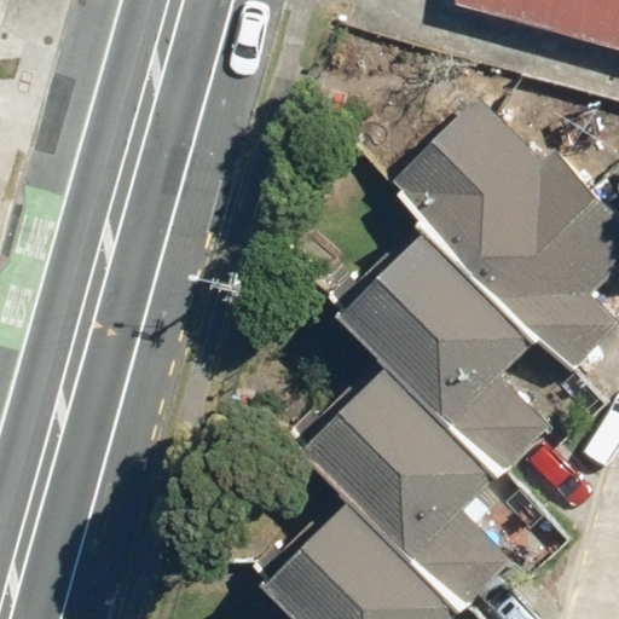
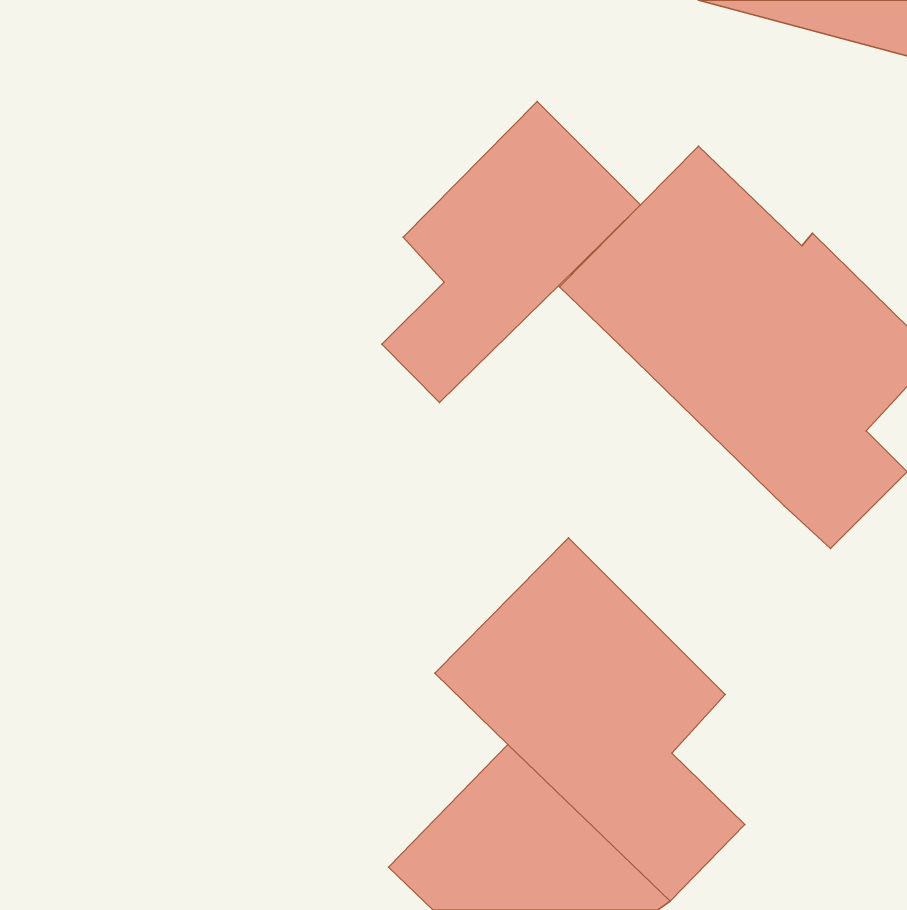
building: none -> [382,101,641,403]
building: [340,235,546,472] -> none

